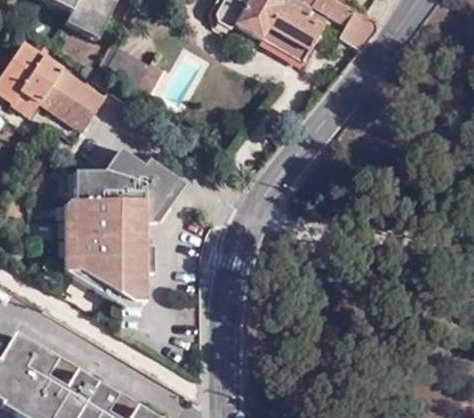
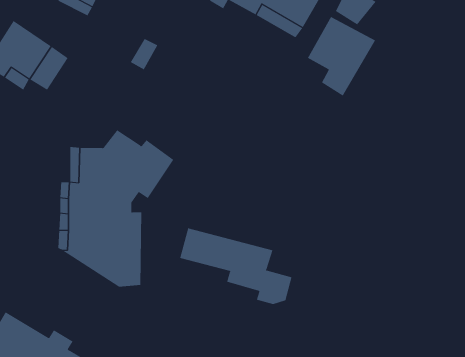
building: none -> [307,16,376,97]
building: [54,84,99,133] -> none
building: none -> [179,228,292,305]

